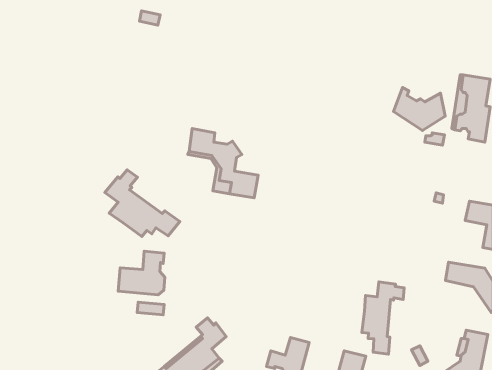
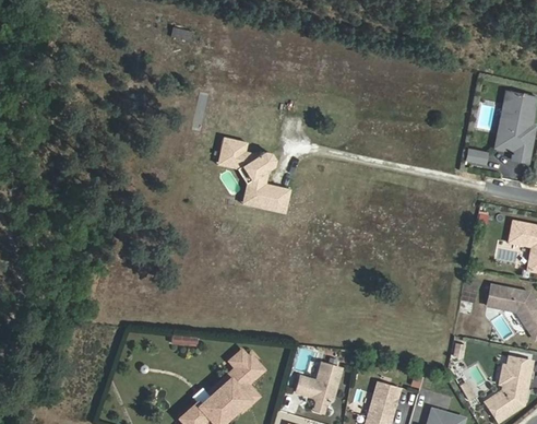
building: [394,87,445,130] -> none
building: [105,170,180,237] -> none
building: [118,251,165,295] -> none
building: [362,282,404,354] -> none

